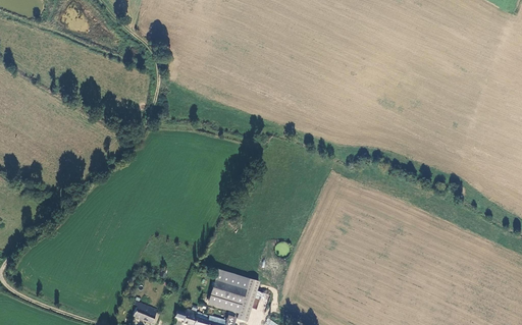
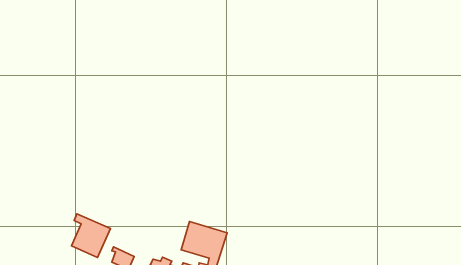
building: none -> [71,214,111,258]

